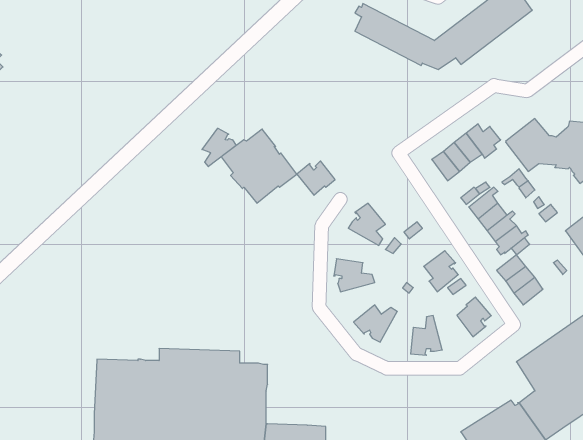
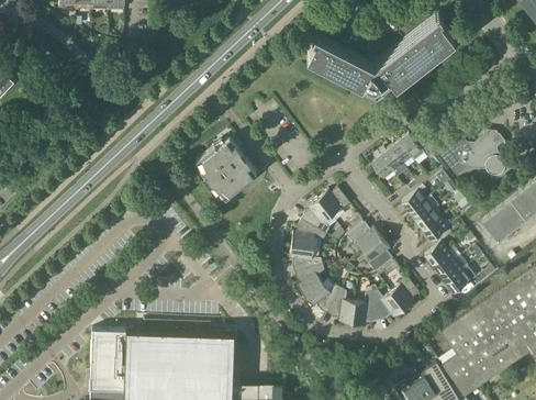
building: [202,128,236,167] -> none
building: [297,161,335,195] -> [317,189,349,218]
building: none -> [291,221,326,249]
building: none -> [347,223,381,253]
building: none -> [294,266,324,299]
building: none -> [446,268,488,293]
building: none -> [327,290,355,325]
building: none -> [371,291,404,322]

